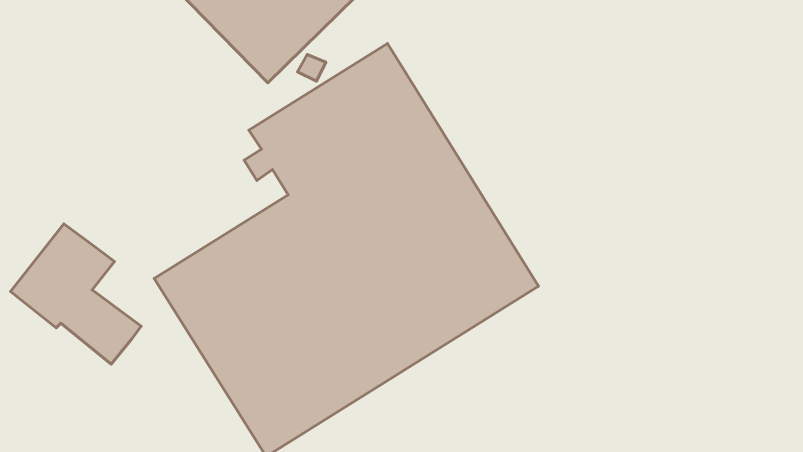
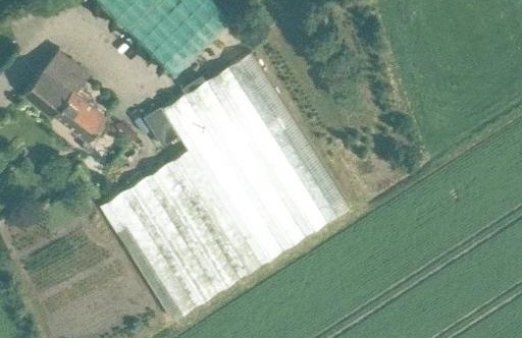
building: [10,224,141,364] -> [23,51,108,142]

